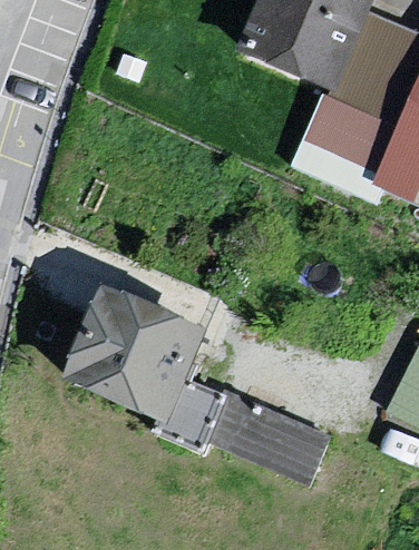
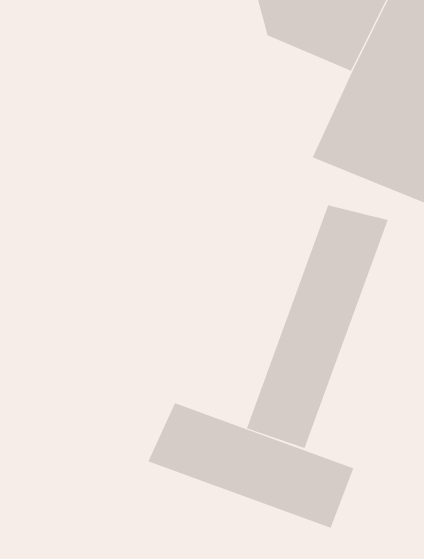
building: none -> [246,204,388,449]
building: [52,286,197,423] -> none

